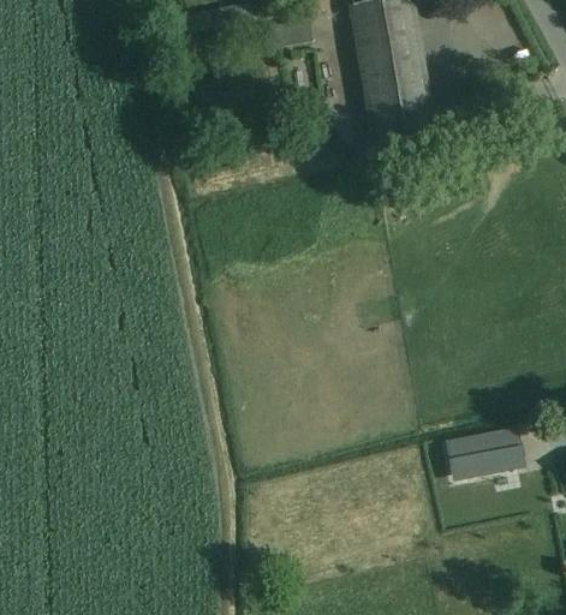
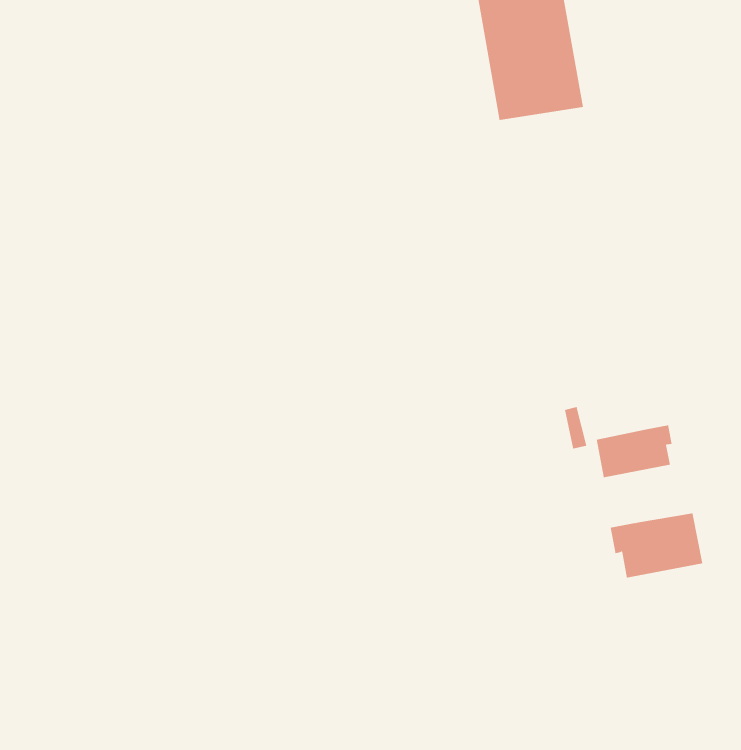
building: none -> [596,424,672,478]

